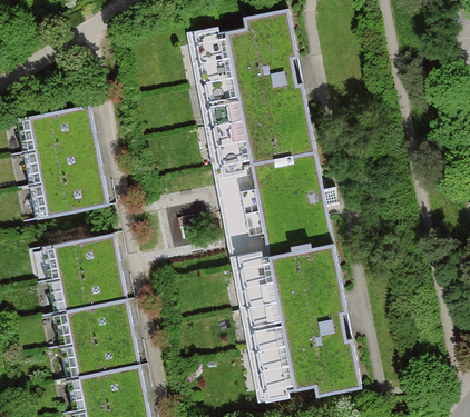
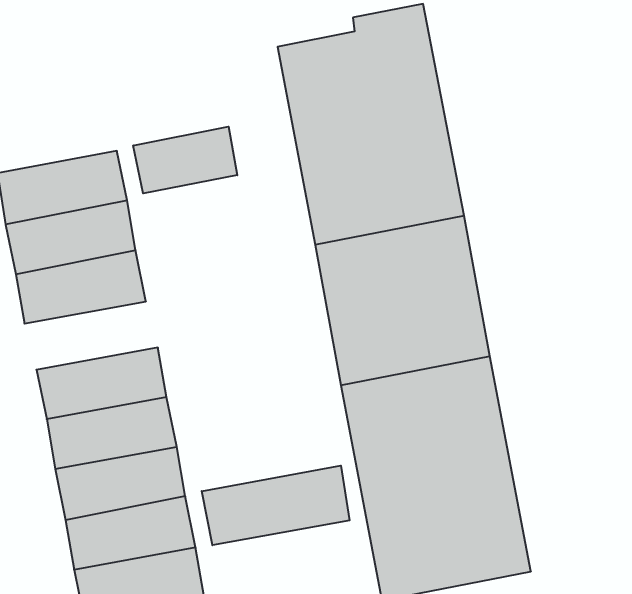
building: none -> [133,127,237,193]
building: none -> [202,466,350,545]

